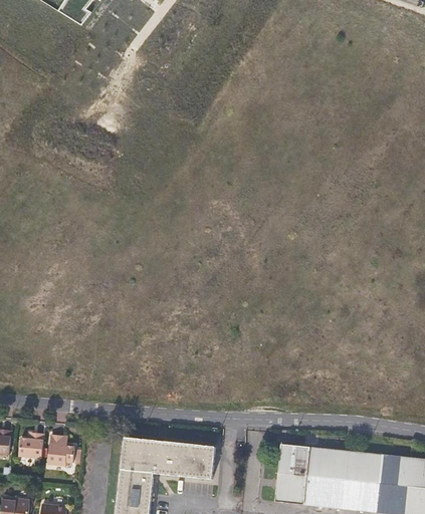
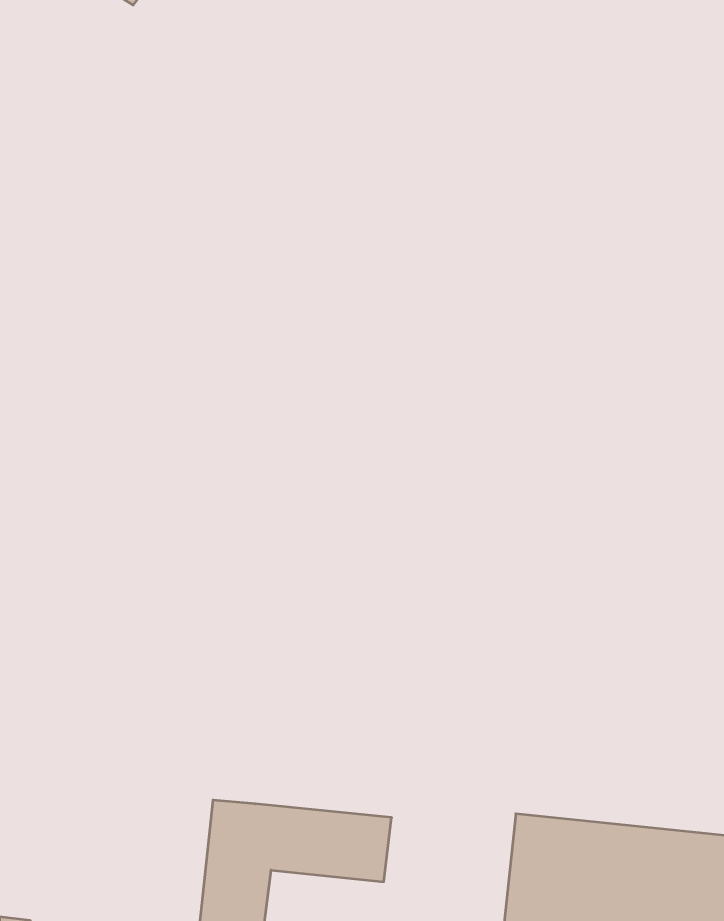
building: [18,433,44,458] -> none
building: [46,435,72,464] -> none

